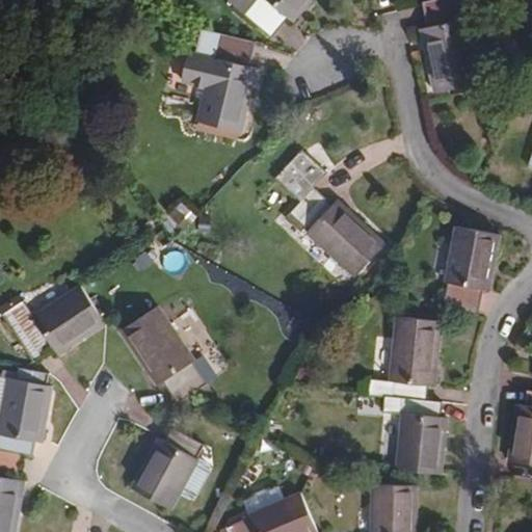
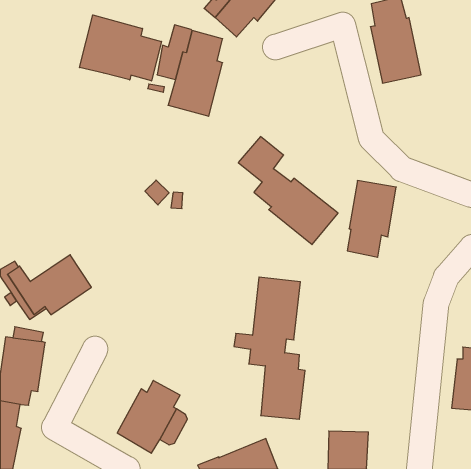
building: none -> [80,15,161,81]
building: [442,228,497,314] -> [347,181,396,257]
building: [126,307,209,404] -> none
building: [365,314,445,474] -> [234,277,305,419]

